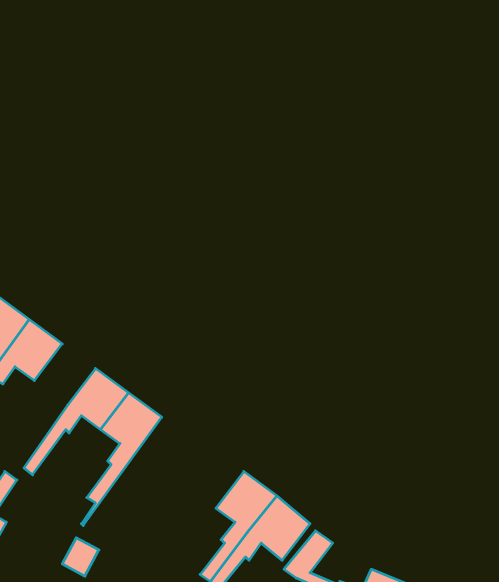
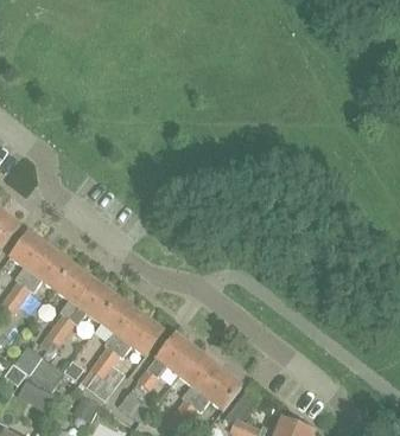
building: none -> [40,264,96,348]
building: none -> [88,314,165,400]
building: none -> [139,334,197,390]

